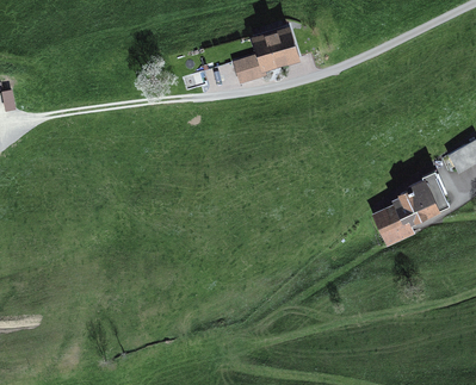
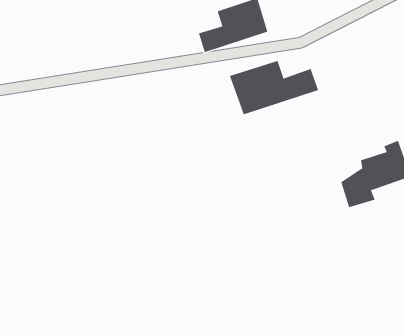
building: none -> [229,60,319,115]

